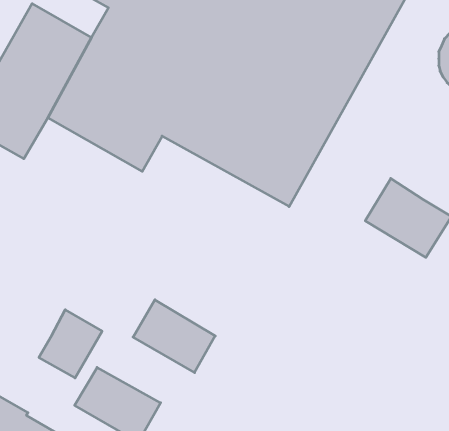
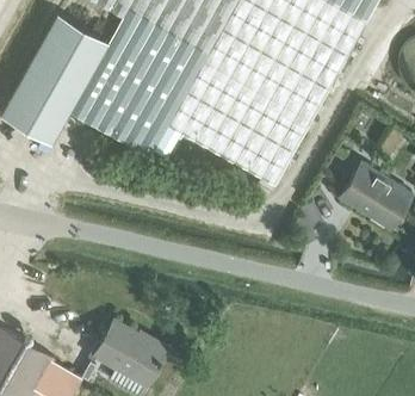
building: [133,300,215,373] -> none
building: [39,310,102,378] -> none

